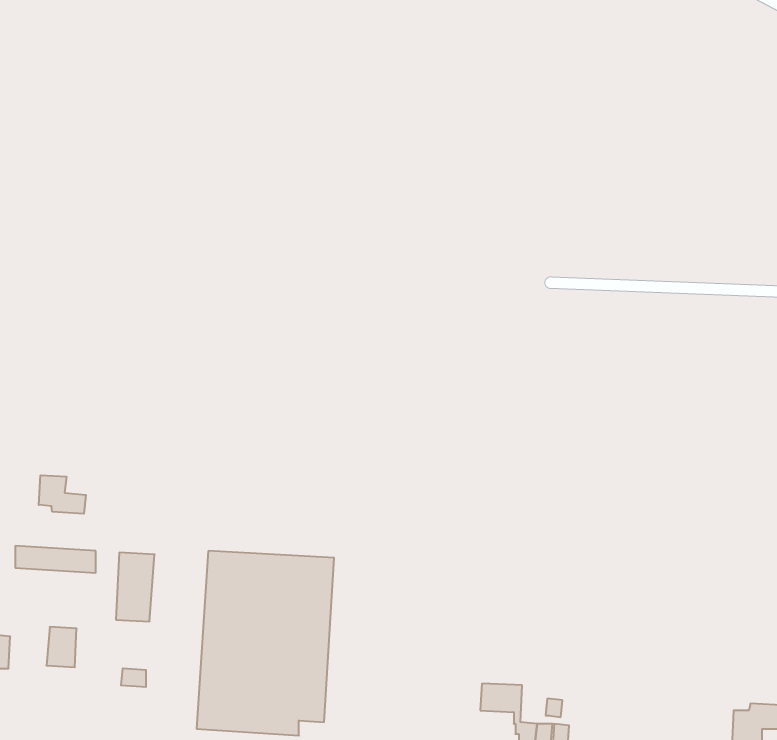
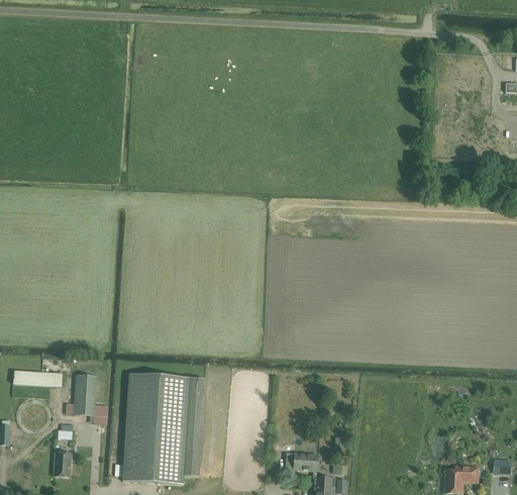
building: [39,475,86,514] -> none
building: [46,627,77,667] -> [54,452,72,476]

